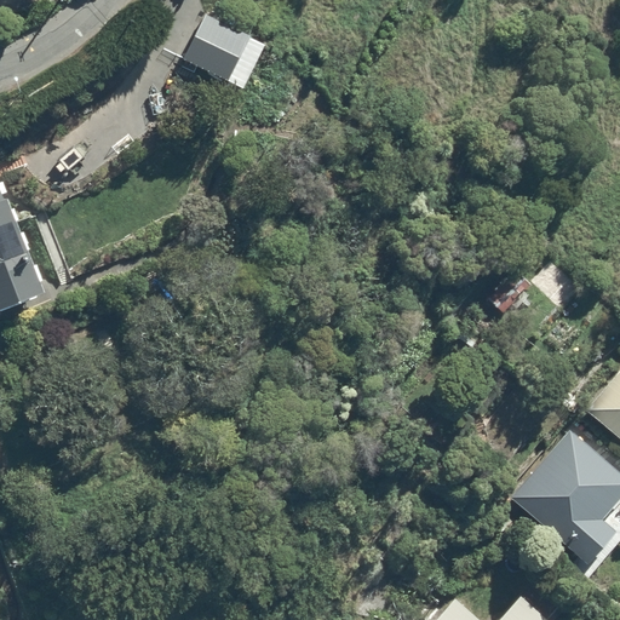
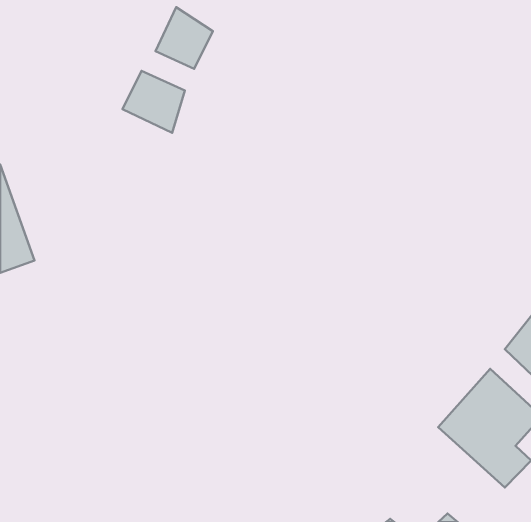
building: none -> [123,71,185,133]

